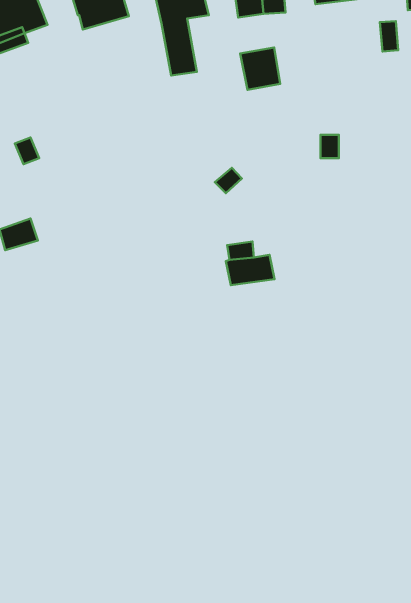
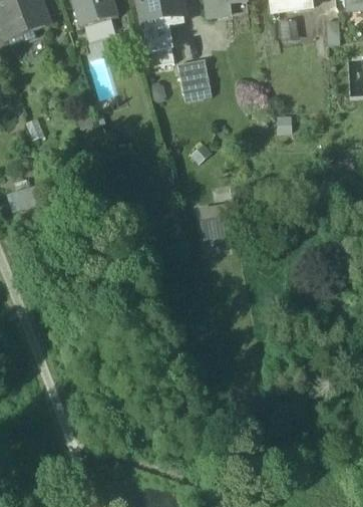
building: [240,48,280,90] -> [176,59,210,94]

